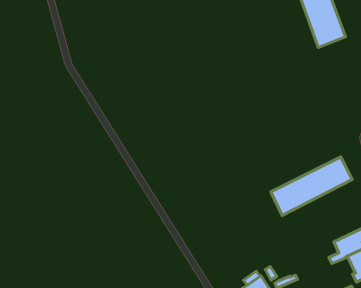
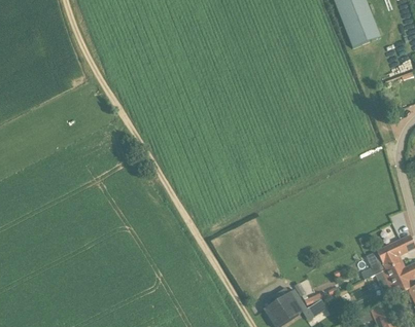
building: [271,157,352,216] -> none

